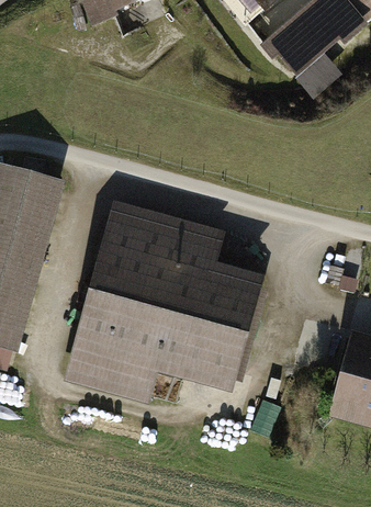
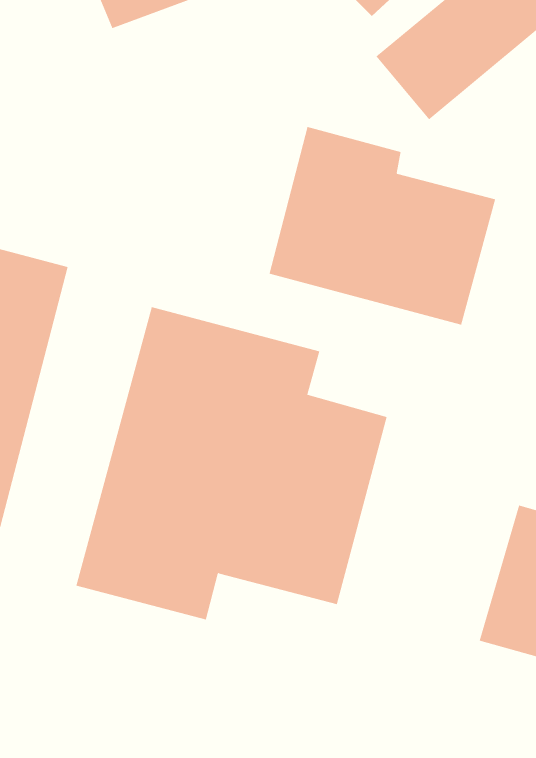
building: none -> [269,126,496,326]

